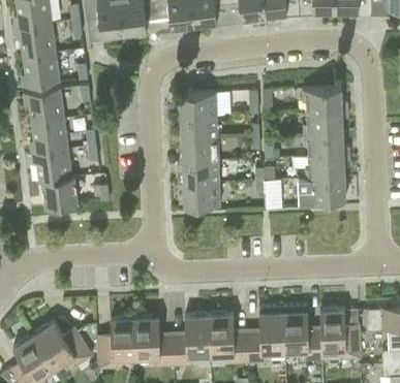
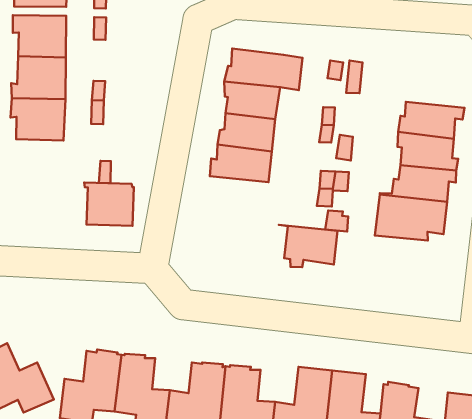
building: [303,88,347,113] -> none
building: [39,175,78,209] -> [84,183,134,226]
building: [178,183,220,213] -> [279,225,338,267]

